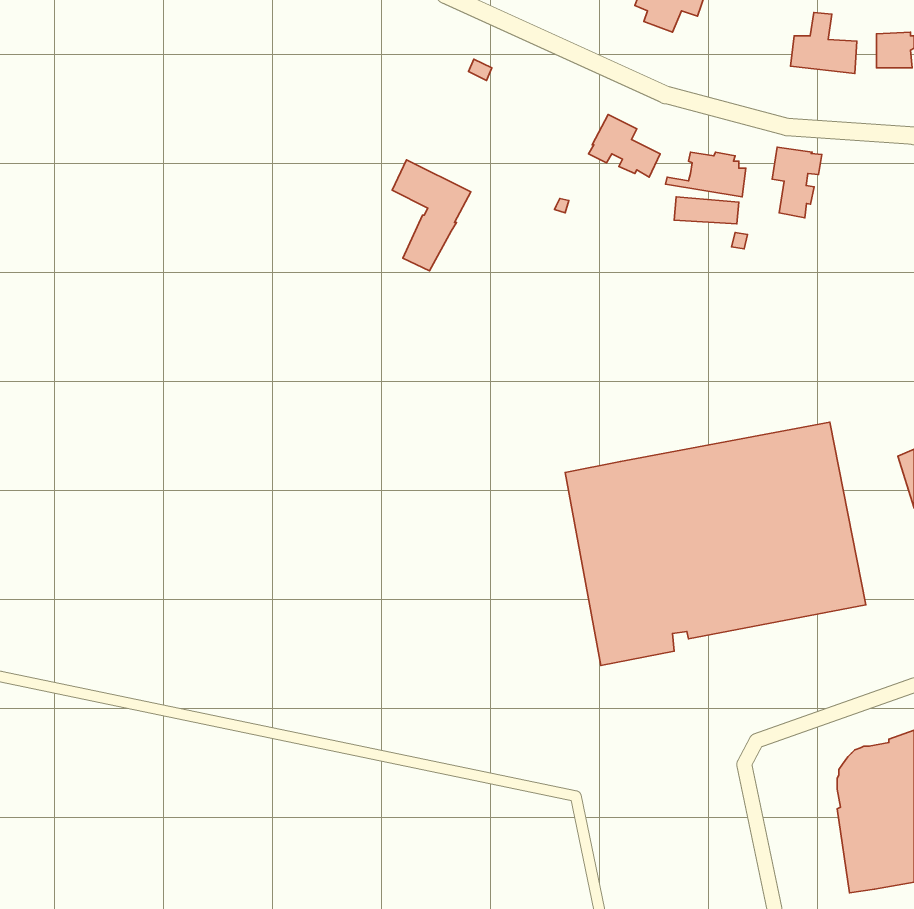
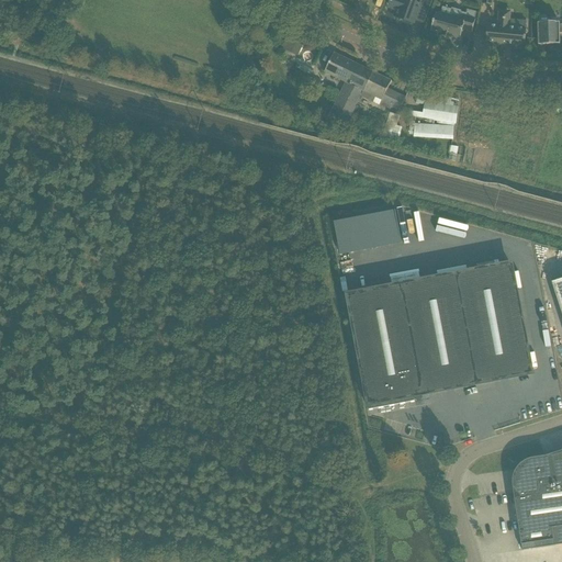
building: none -> [430,5,476,36]
building: [772,147,822,218] -> none
building: [392,160,471,271] -> [325,50,373,119]
building: none -> [338,206,404,250]

